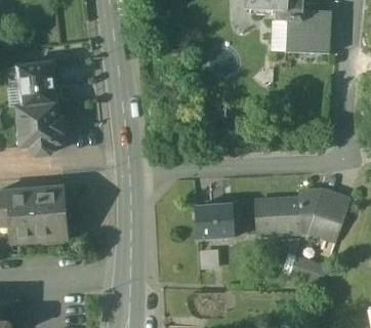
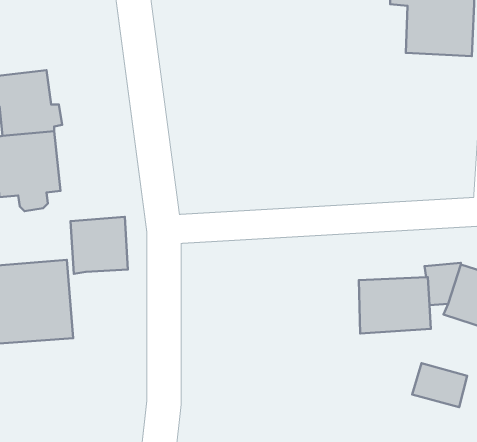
building: none -> [70,217,128,274]
building: [196,203,236,239] -> none

